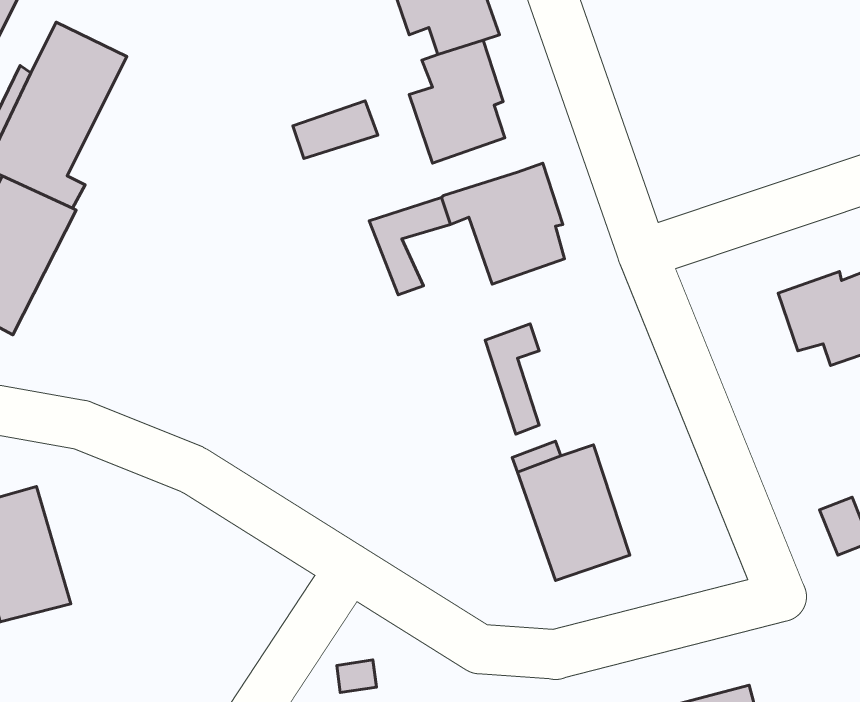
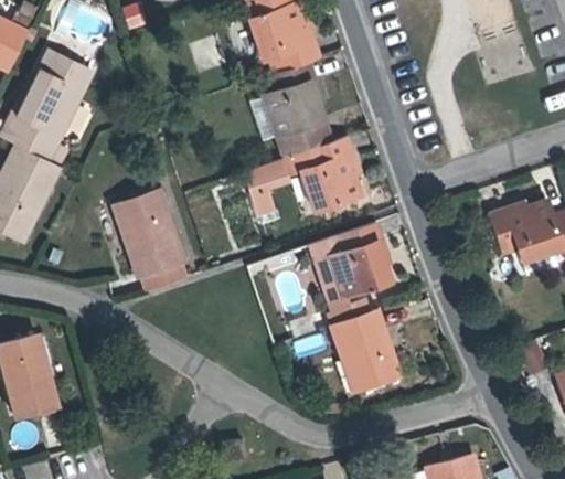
building: [293,101,378,158] -> [279,121,331,157]
building: none -> [114,190,188,291]
building: none -> [331,223,390,297]

